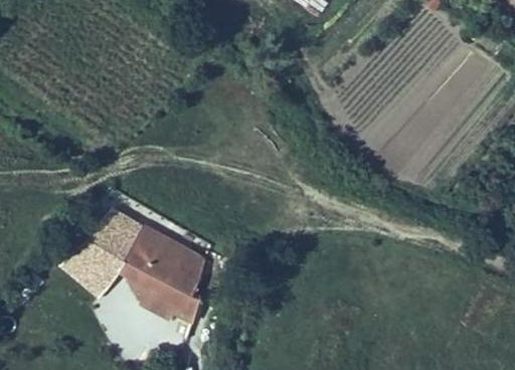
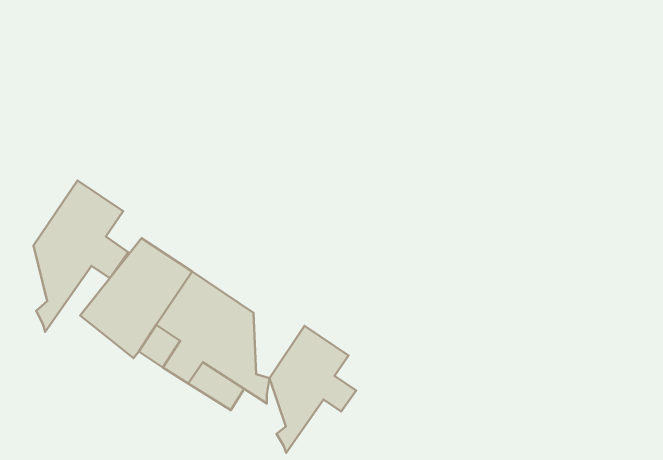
building: none -> [34,180,128,332]
building: none -> [269,326,356,453]

